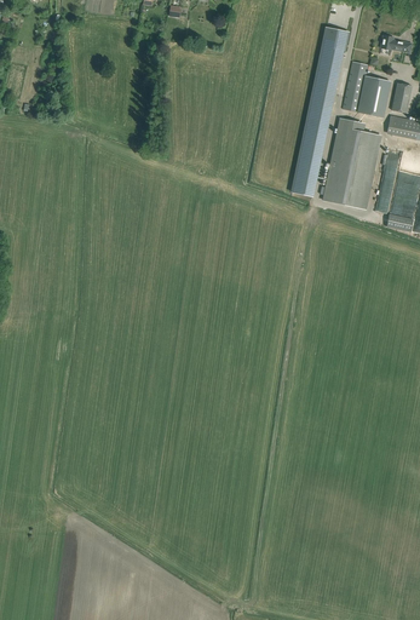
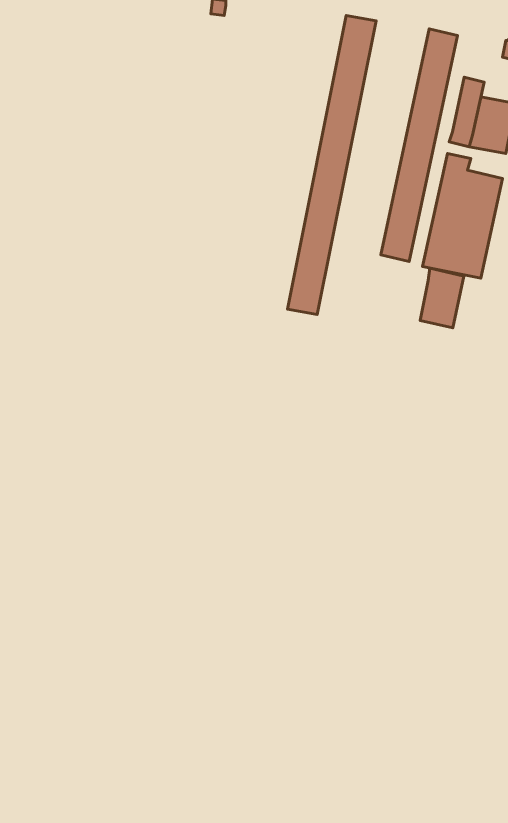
building: none -> [287,16,376,314]
building: none -> [420,268,464,328]

